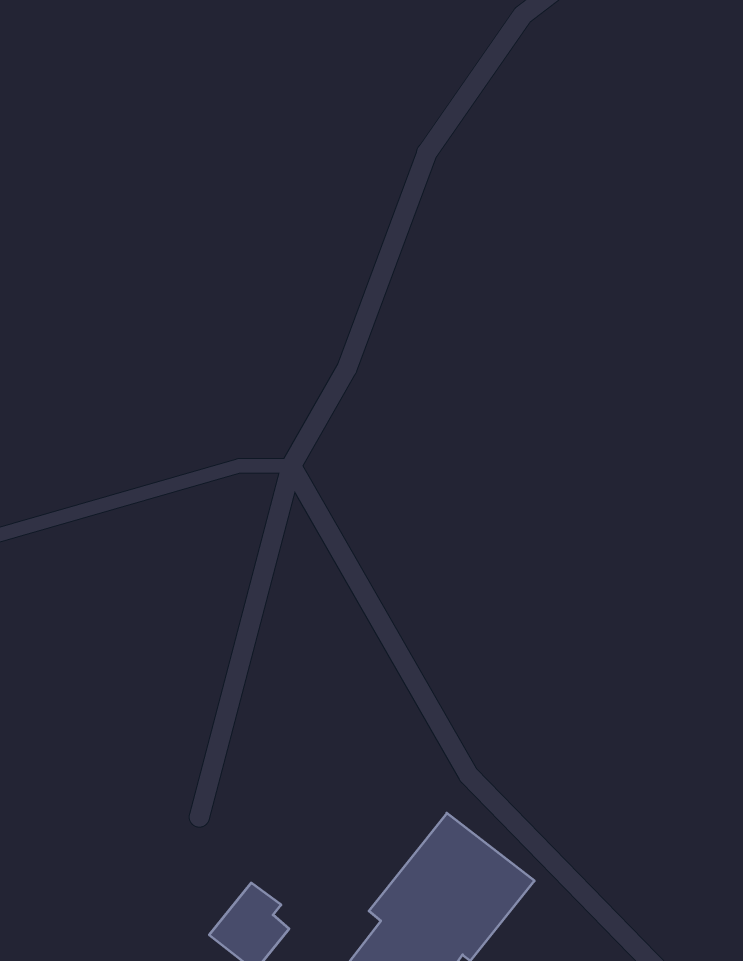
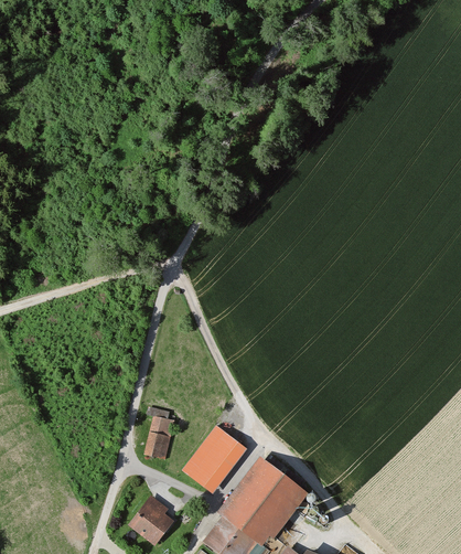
building: none -> [144,406,172,460]
building: none -> [182,426,246,493]

